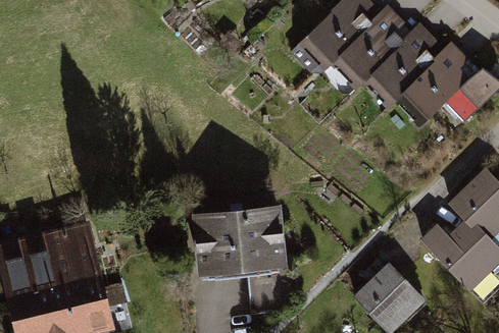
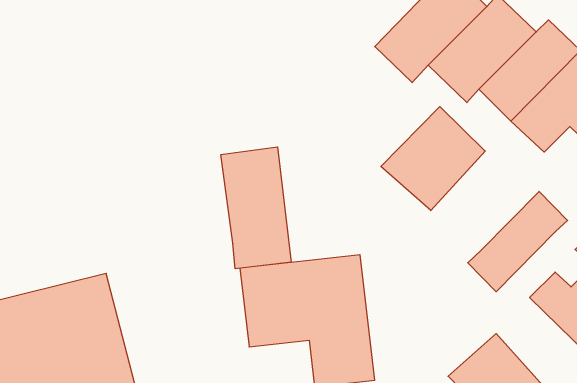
building: none -> [381,107,485,211]
building: none -> [221,147,291,269]
building: none -> [468,191,568,292]

